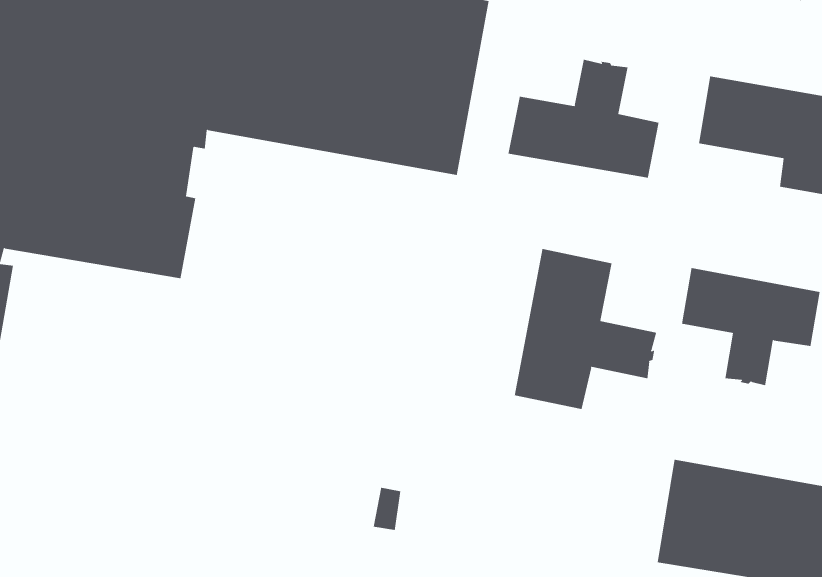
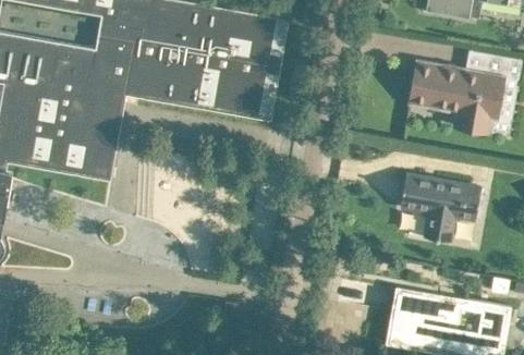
building: [508,59,659,179] -> none
building: [514,248,657,410] -> none

